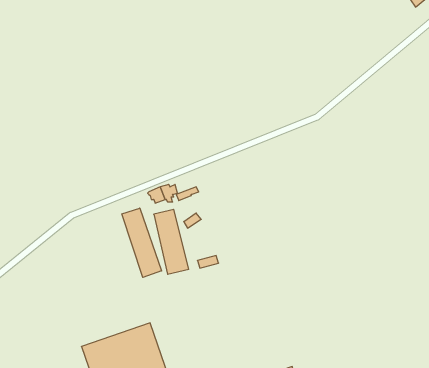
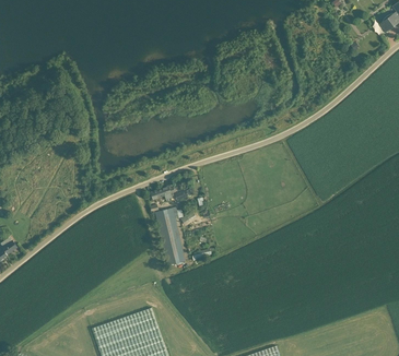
building: [122,208,162,277] -> none

